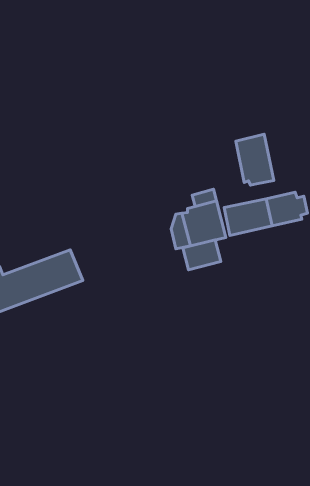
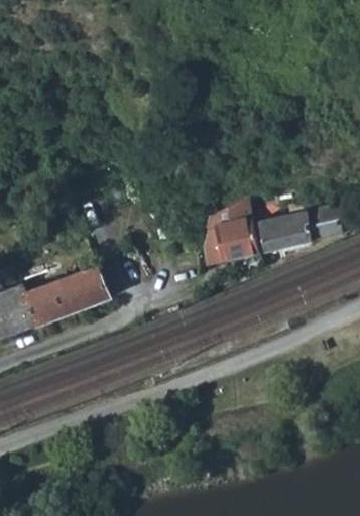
building: [236,134,274,185] -> none
building: [183,240,221,270] -> none

